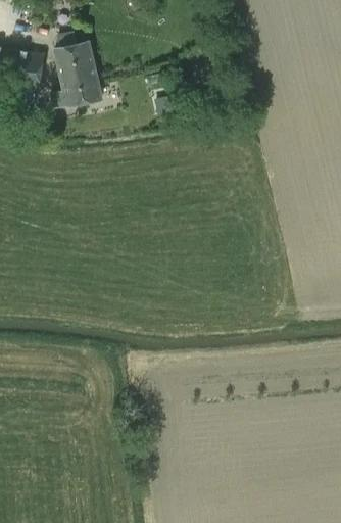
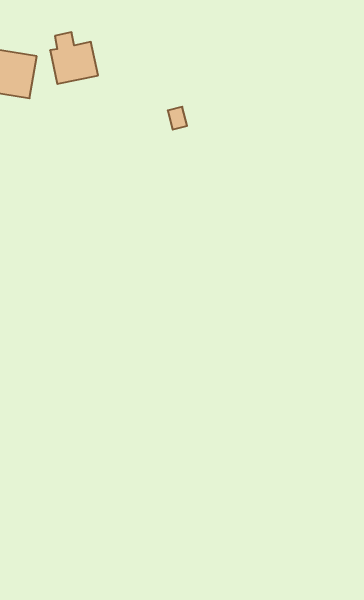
building: [51,68,101,106] -> none

